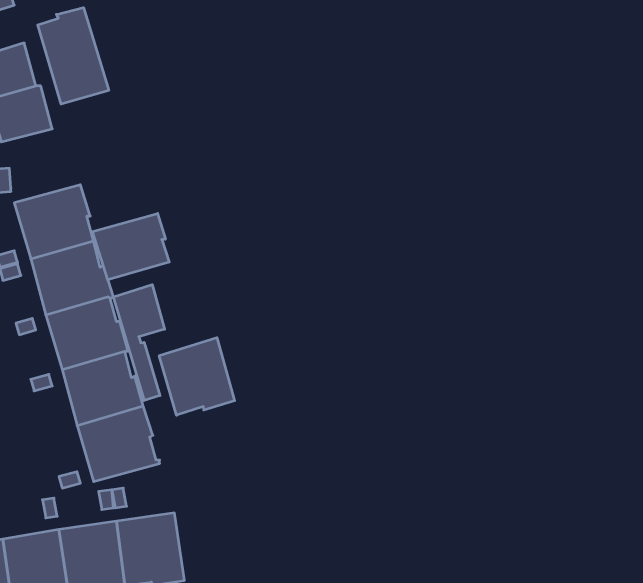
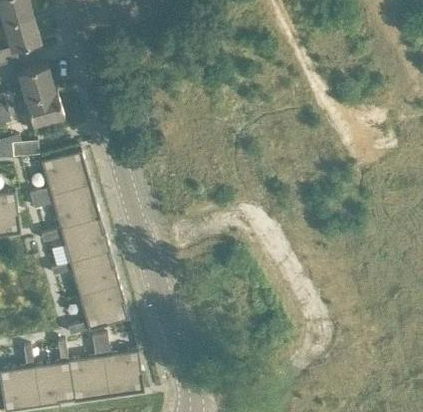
building: [38,8,109,104] -> none
building: [93,213,169,280] -> none
building: [113,285,165,401] -> none
building: [159,338,235,415] -> none

